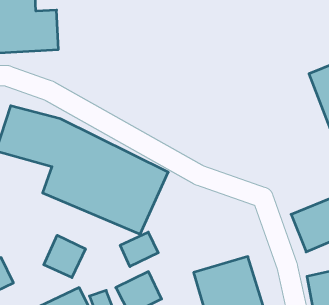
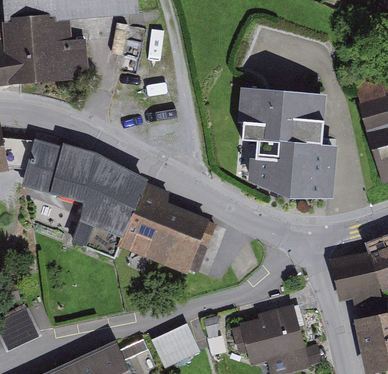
building: none -> [237,80,337,192]
building: [120,232,158,267] -> none
building: [44,235,85,278] -> none

